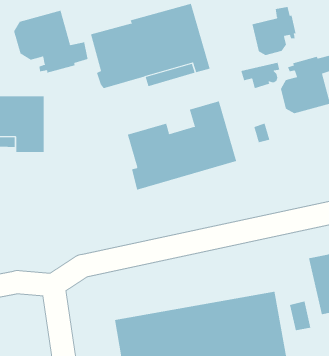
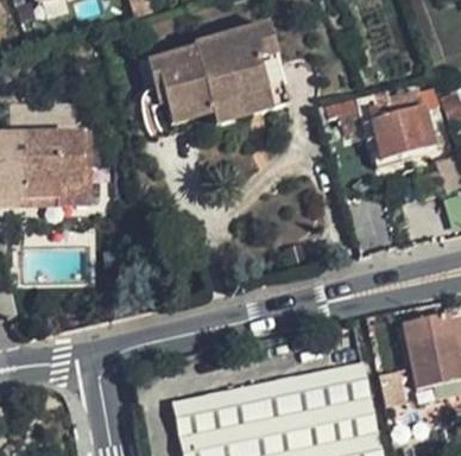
building: [252,6,296,56] -> none
building: [14,10,88,73] -> none
building: [127,100,237,191] -> none

